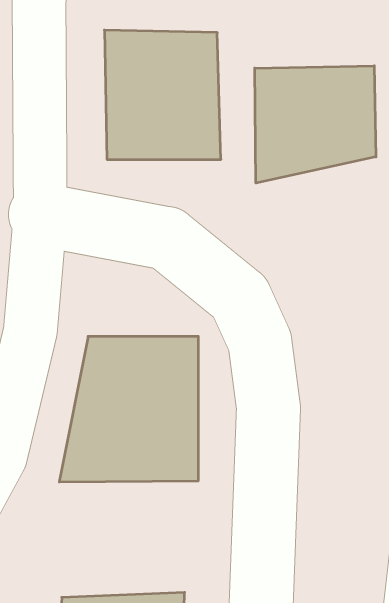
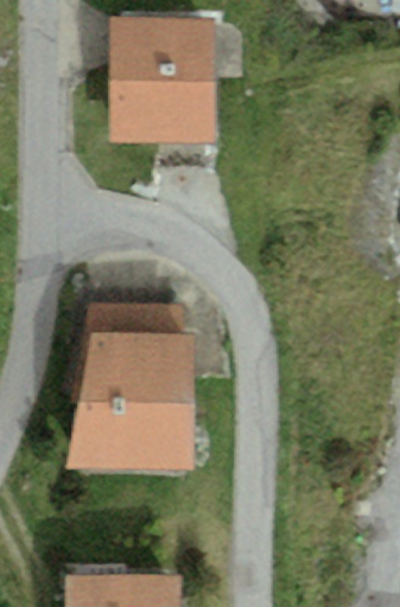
building: [255,66,376,183] -> none

